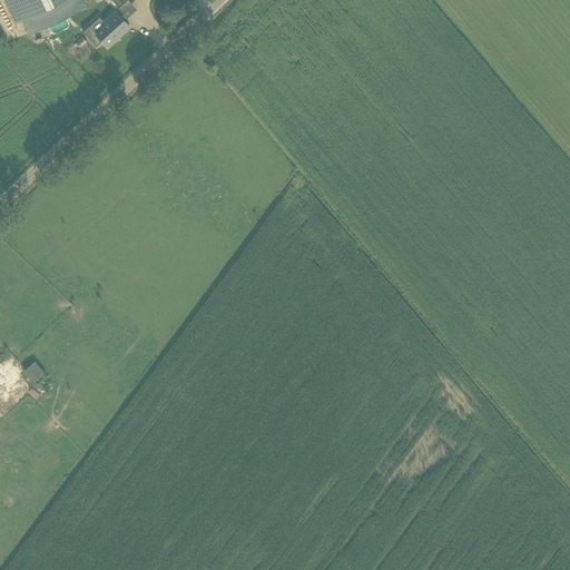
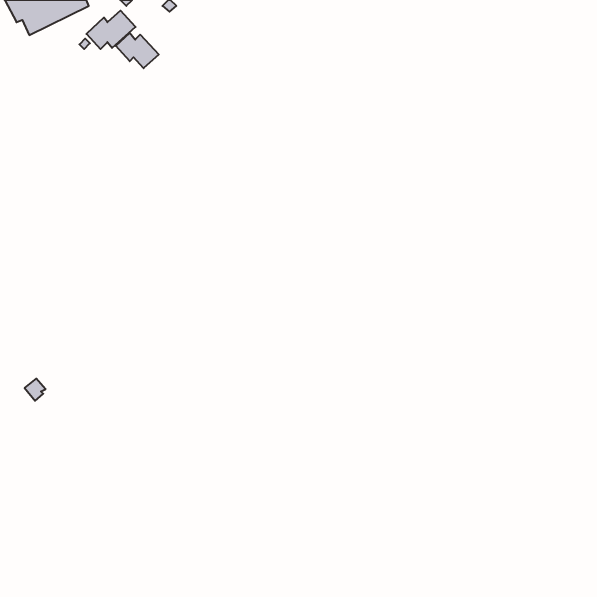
building: none -> [116,33,159,68]

